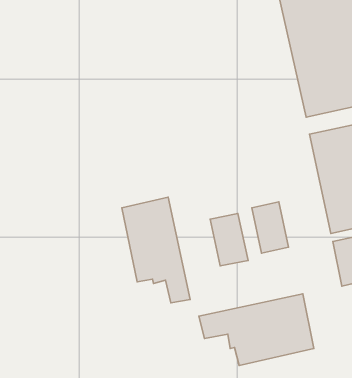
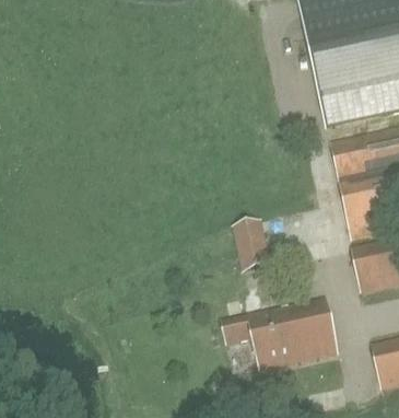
building: [122,197,190,303] -> none
building: [252,202,288,253] -> none

